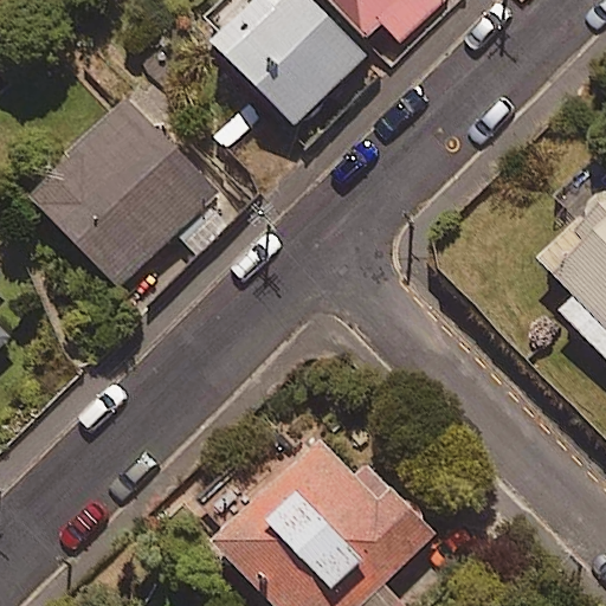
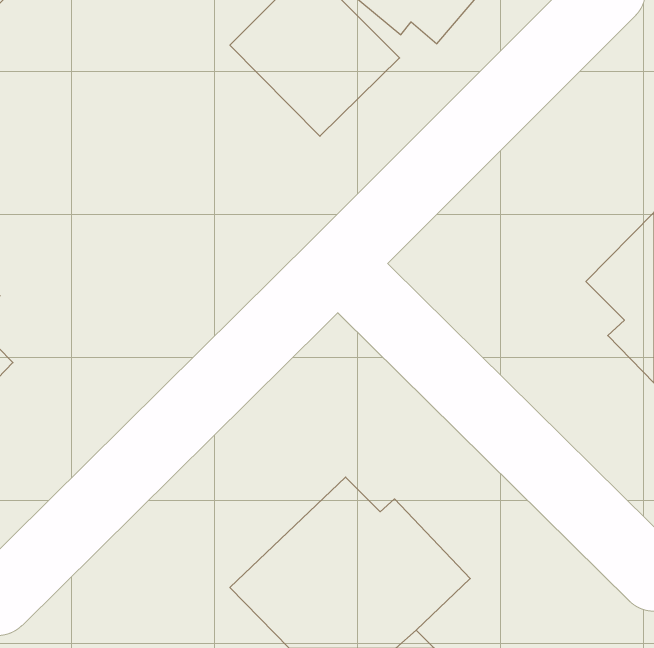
building: [32,103,232,285] -> none

